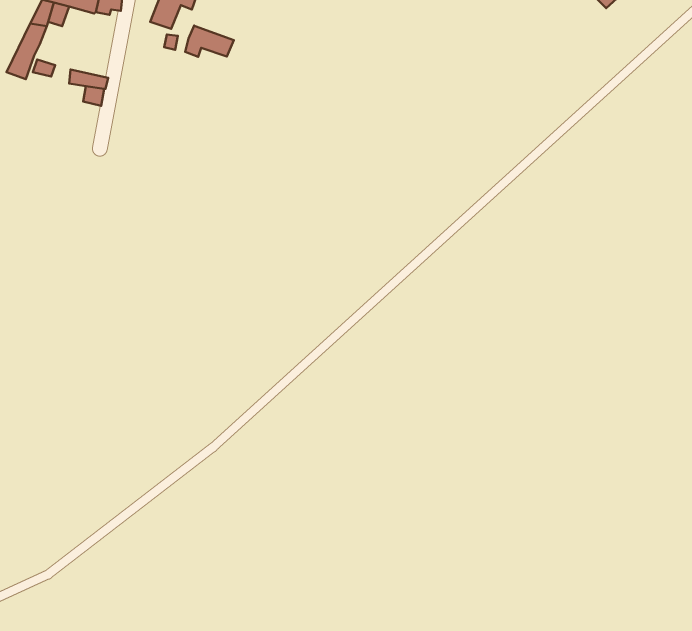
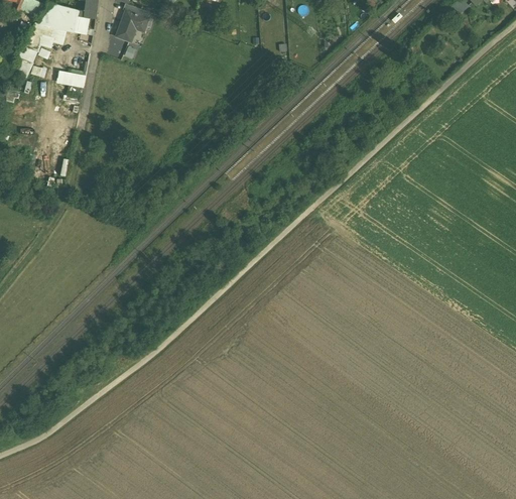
building: [185,25,234,57] -> none

